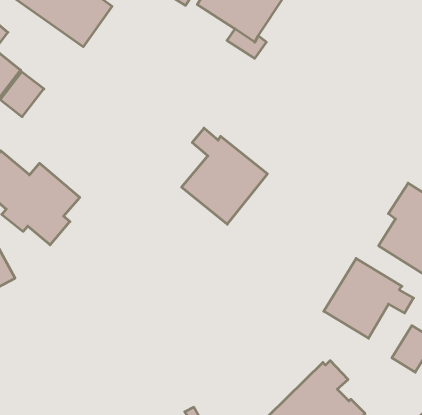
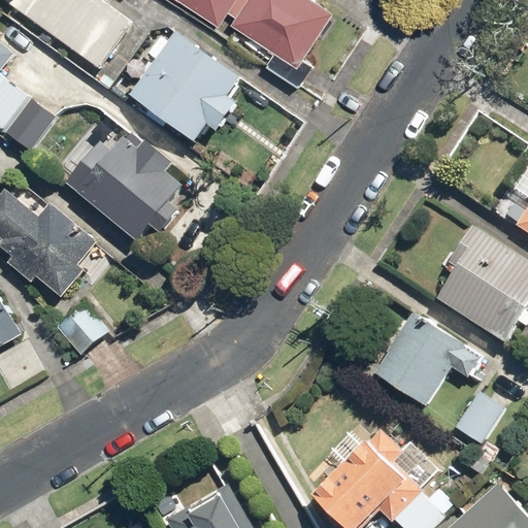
building: none -> [131,31,242,141]
building: none -> [65,134,183,241]
building: [182,128,267,224] -> none
building: none -> [55,303,108,356]

